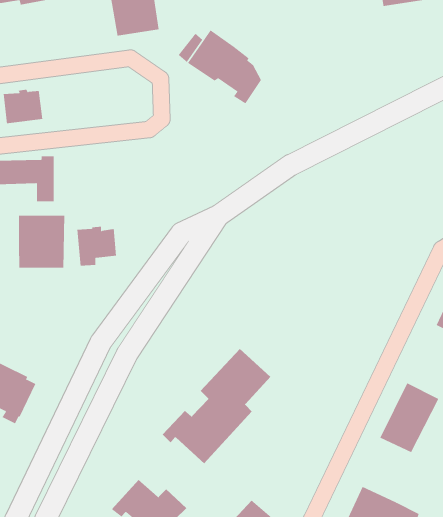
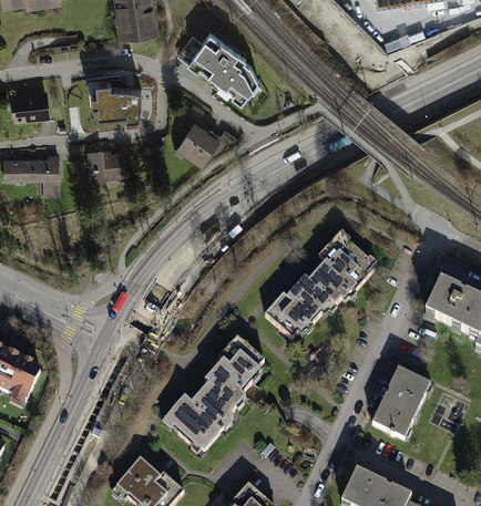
building: none -> [90,81,140,117]
building: none -> [175,120,221,165]
building: [18,215,65,268] -> none
building: [76,226,117,266] -> [86,147,125,186]
building: none -> [264,229,380,339]

